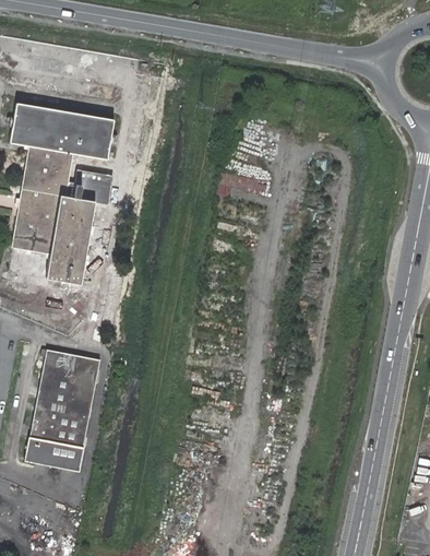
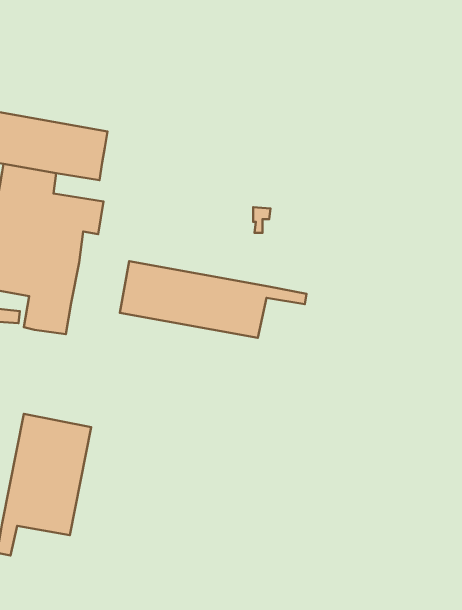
building: none -> [120,261,307,338]
building: [35,439,83,471] -> none

